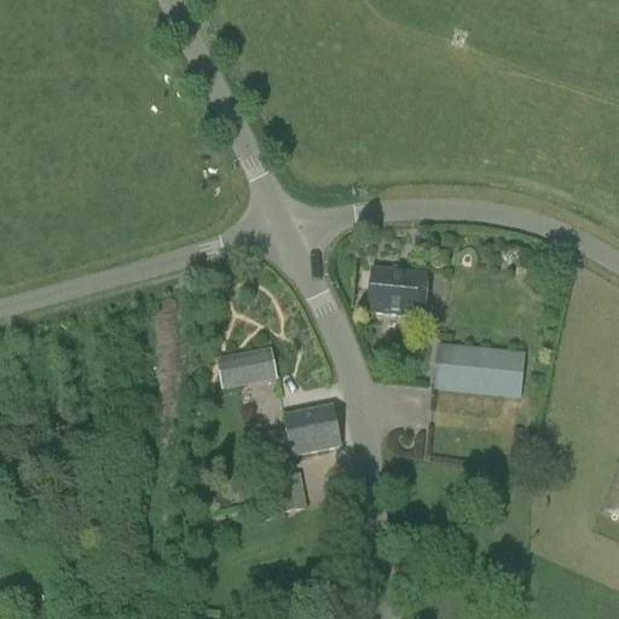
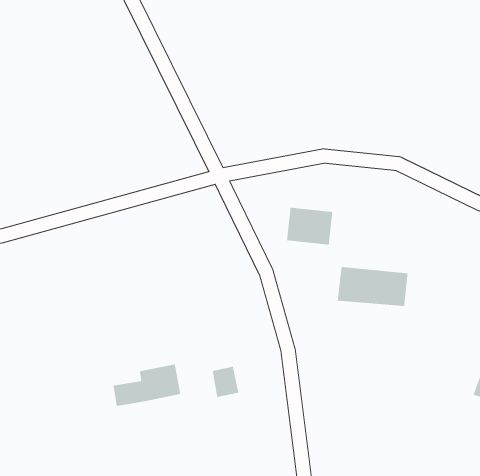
building: [216,346,278,387] -> none
building: [253,405,341,461] -> [112,363,181,407]

